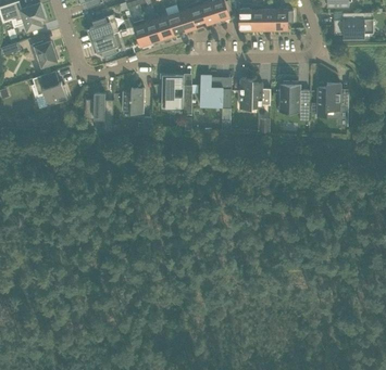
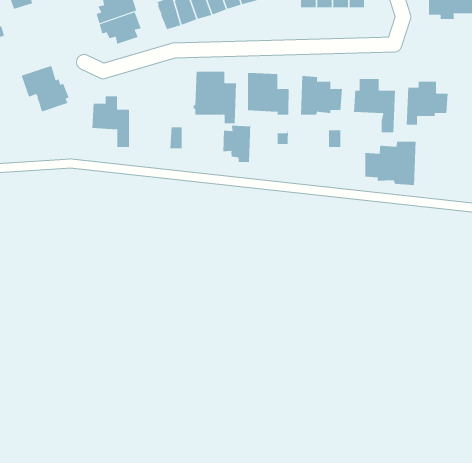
building: [29,41,58,66] -> none
building: [121,88,144,114] -> none
building: none -> [223,124,251,163]
building: none -> [365,141,416,186]

